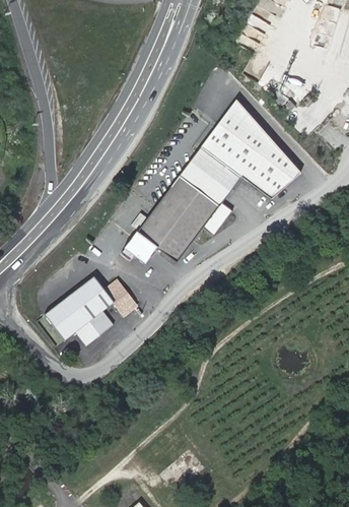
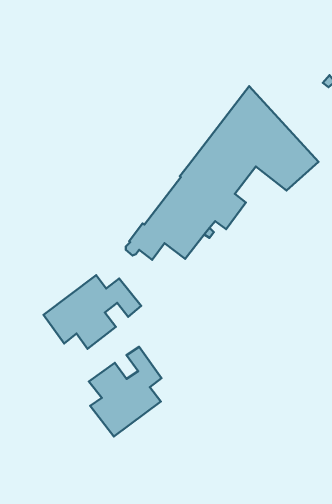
building: none -> [89,347,162,437]

